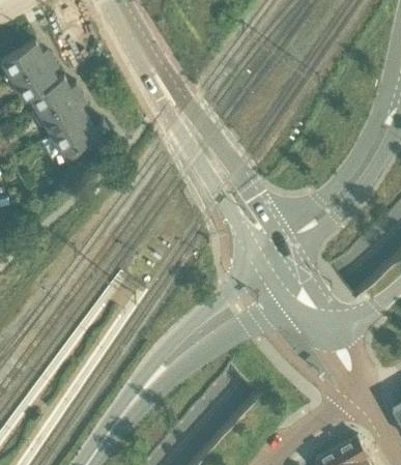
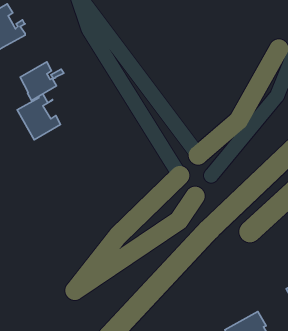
building: [29,77,85,136] -> [17,94,61,140]

